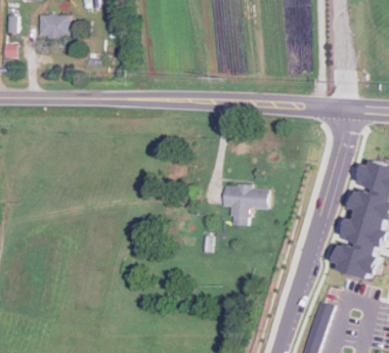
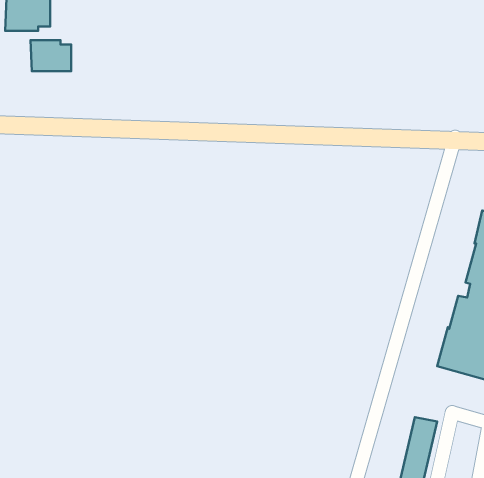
building: none -> [31,40,71,71]
building: [218,184,265,225] -> none

